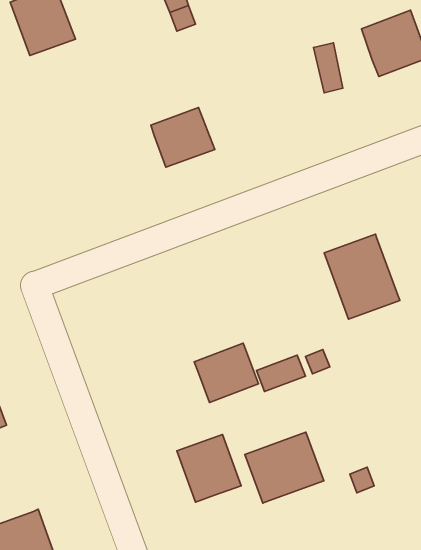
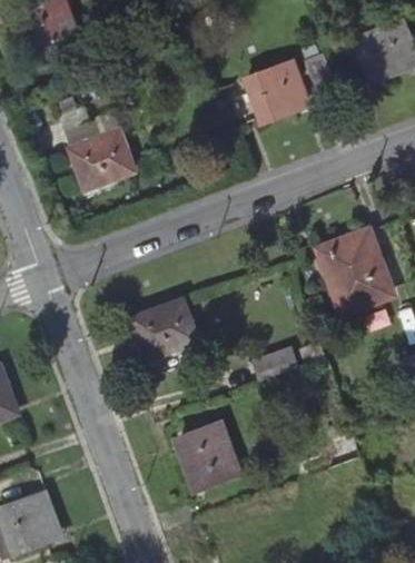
building: none -> [245,59,309,120]
building: [151,108,215,167] -> [72,128,134,185]
building: [194,343,258,403] -> [135,299,196,356]
building: [245,432,324,503] -> none

